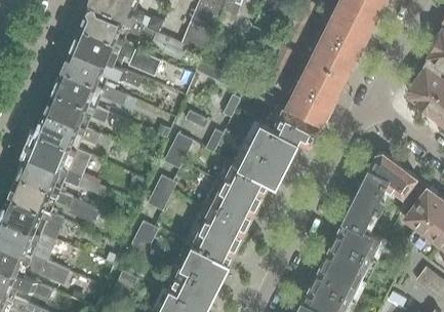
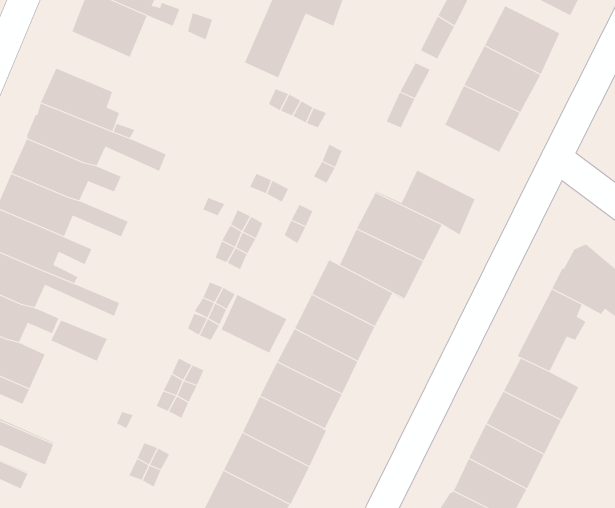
building: [70,28,160,76] -> none
building: [288,83,333,123] -> none
building: none -> [221,294,287,353]

